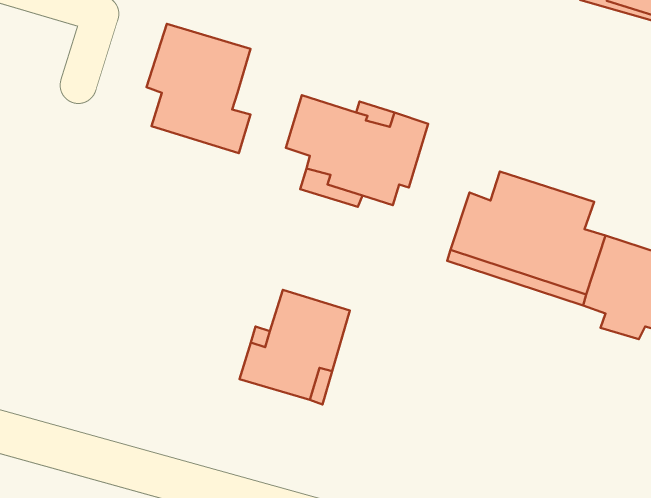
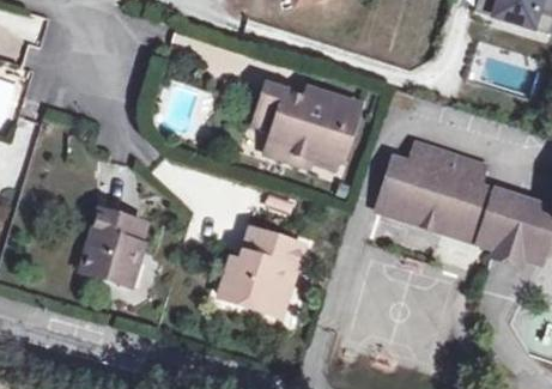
building: [146,24,251,153] -> none
building: none -> [80,212,146,288]

